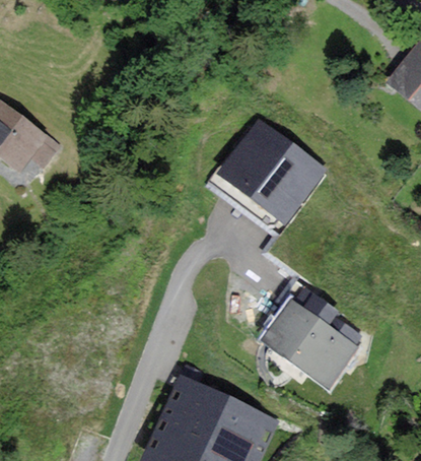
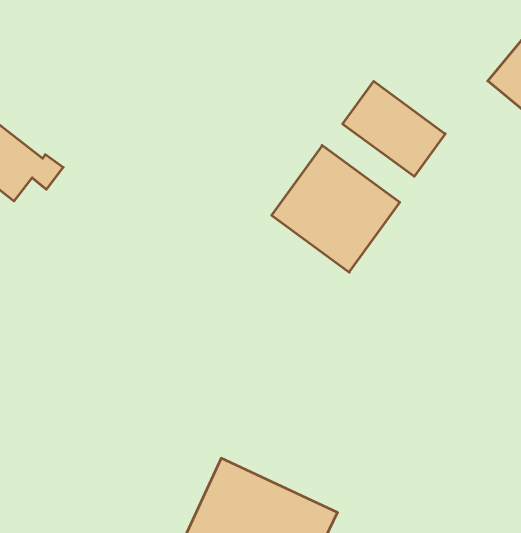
building: none -> [343,81,445,176]
building: [267,289,360,382] -> none

